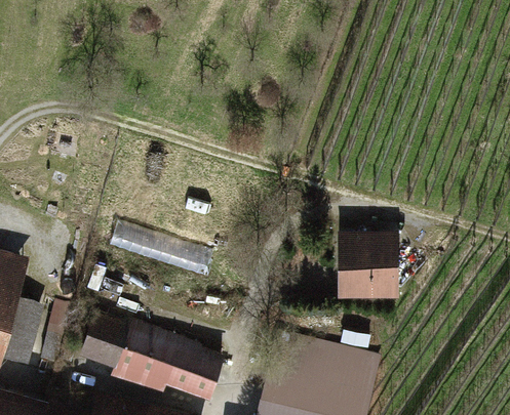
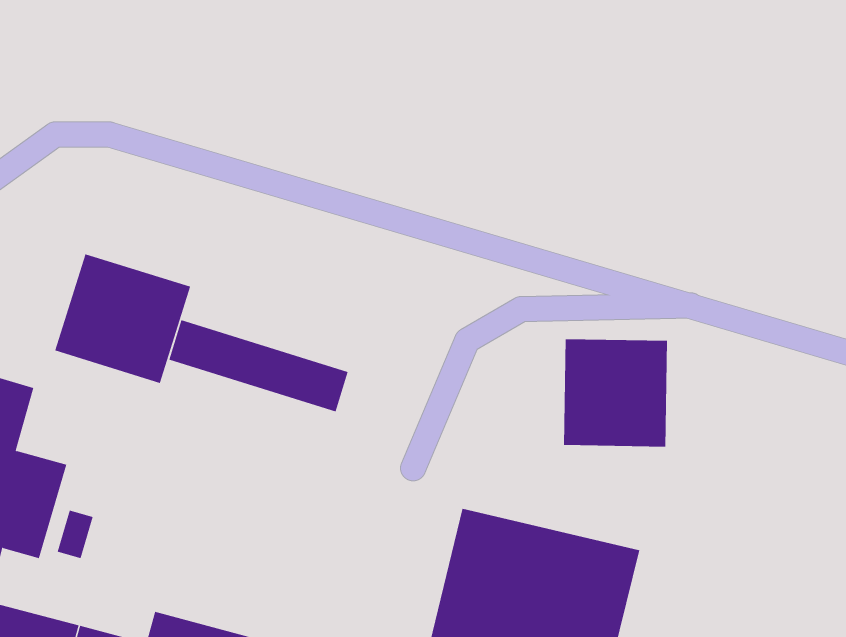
building: none -> [55,253,191,384]
building: [82,317,227,402] -> none

